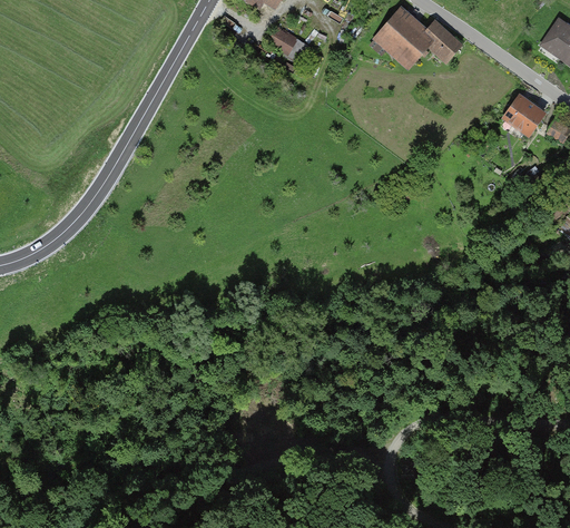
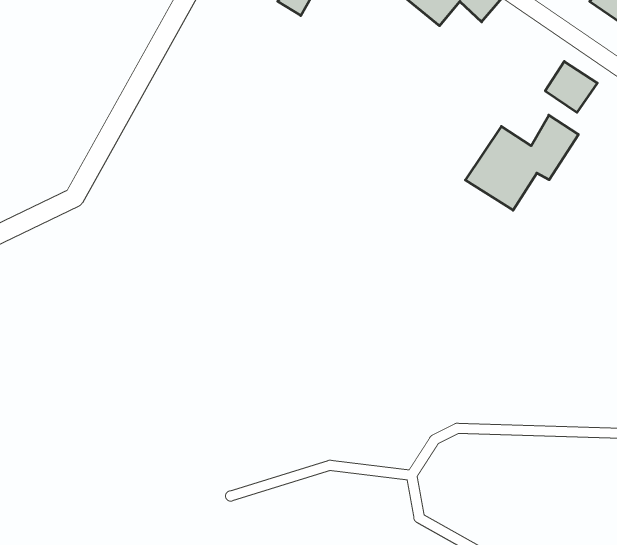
building: none -> [465,115,578,210]

